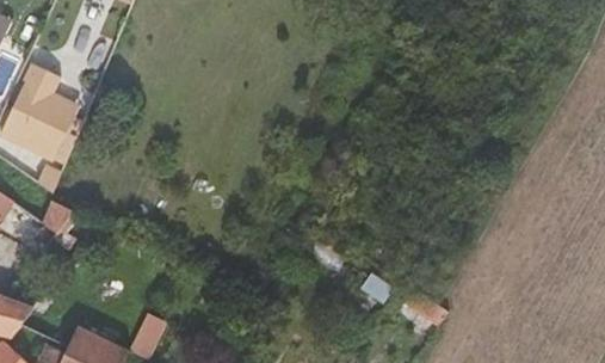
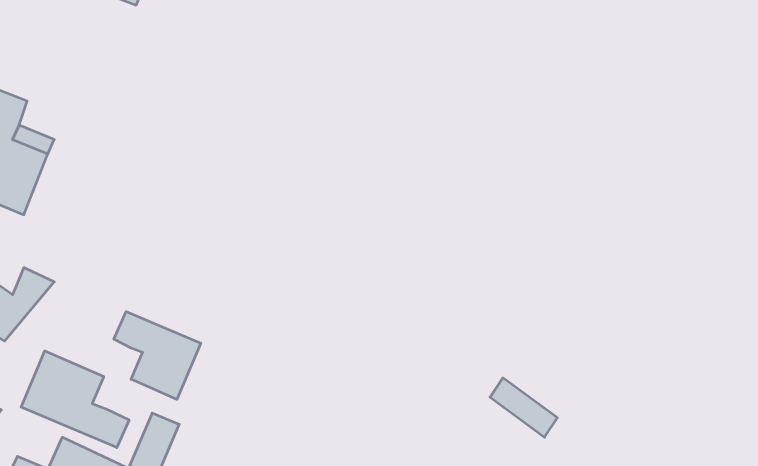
building: none -> [114,312,201,399]
building: none -> [21,351,129,448]

